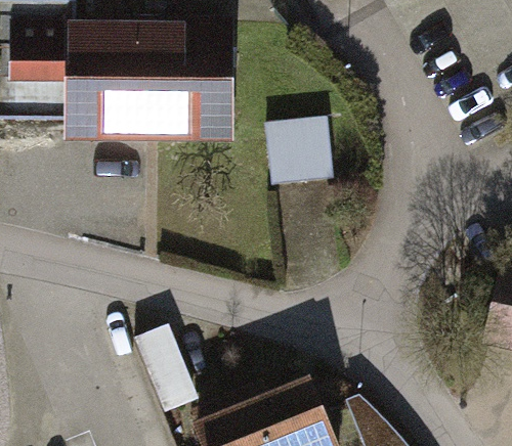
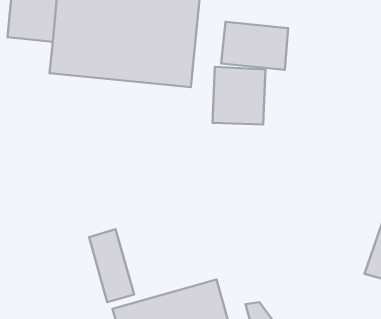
building: none -> [221,22,288,70]

